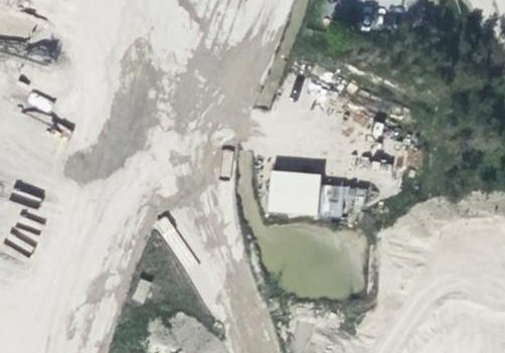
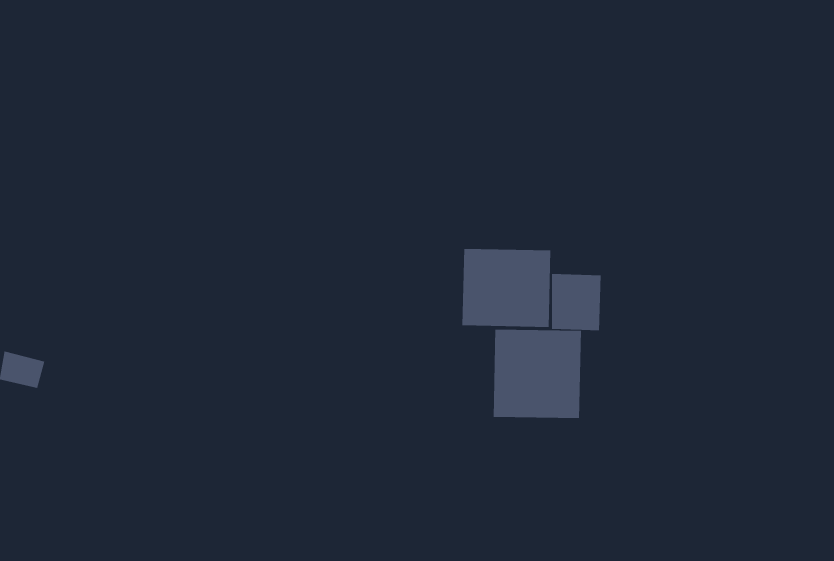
building: none -> [493,329,581,419]

